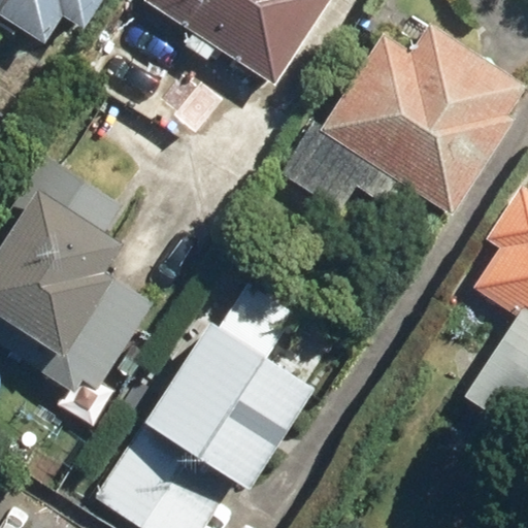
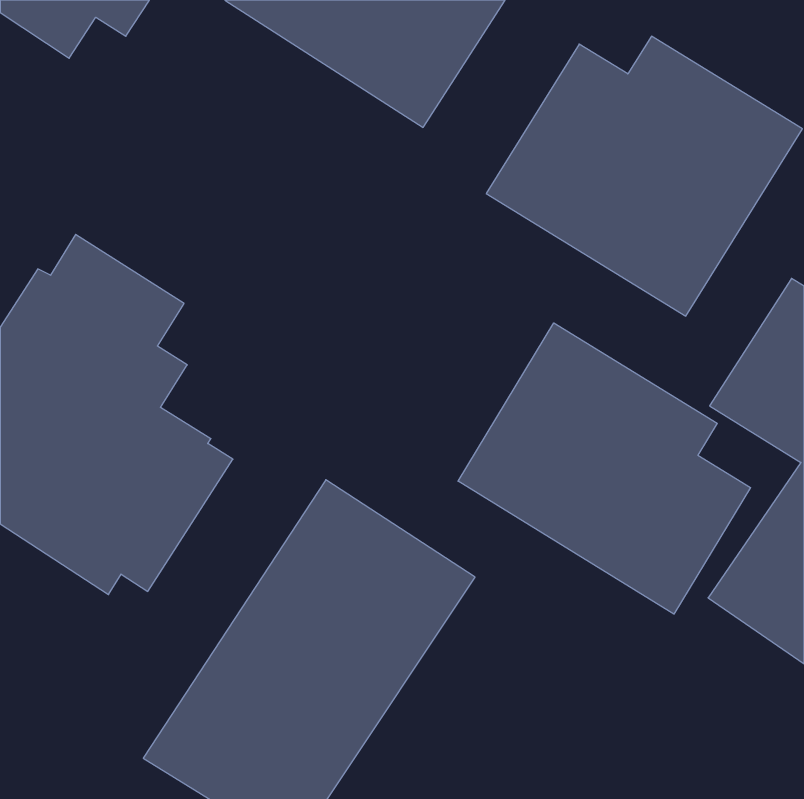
building: none -> [458,323,751,614]

